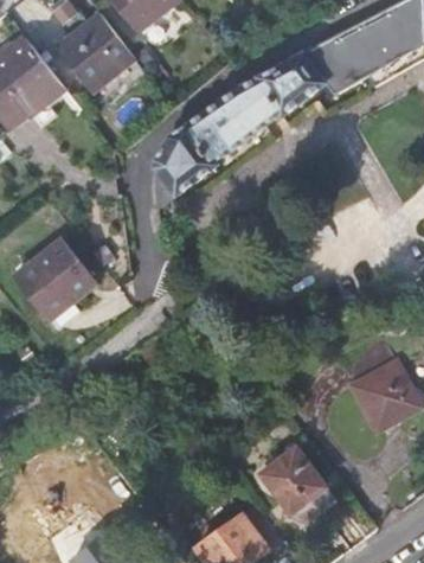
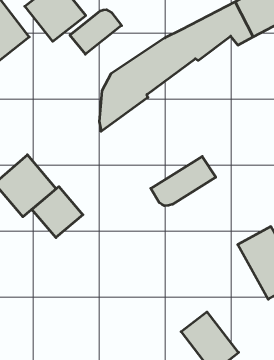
building: none -> [70,10,122,54]
building: none -> [151,156,216,206]
building: none -> [32,187,83,238]

